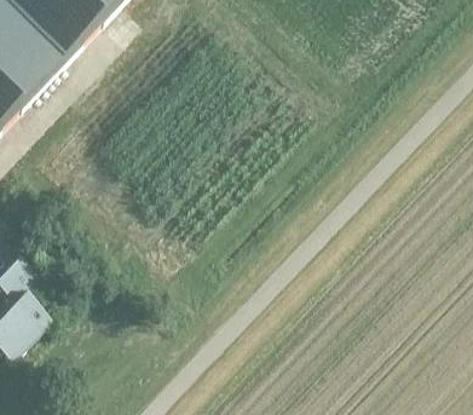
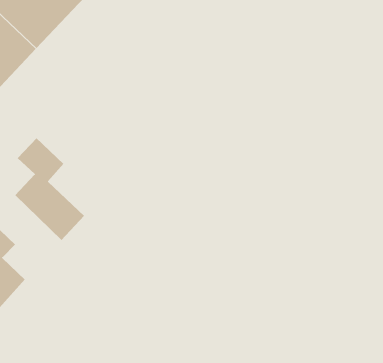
building: none -> [15,137,85,241]

